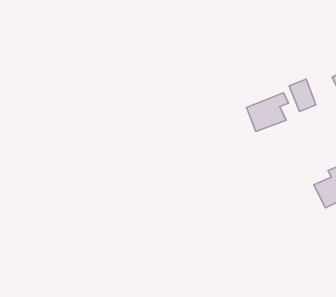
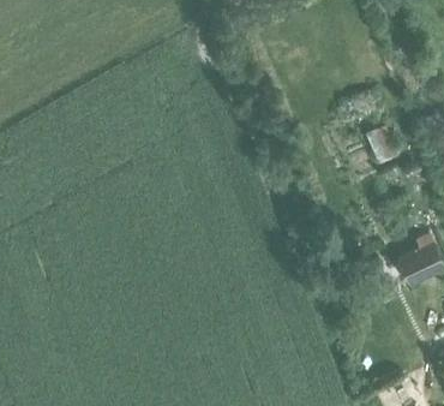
building: [246,93,288,132] -> none

